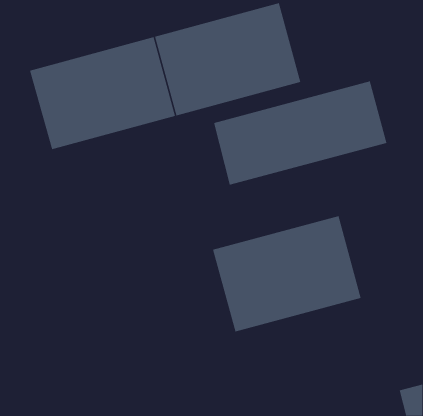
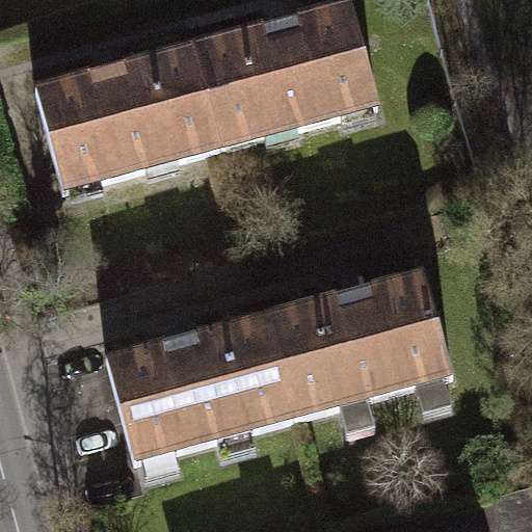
building: [214,81,387,186] -> none
building: none -> [106,313,294,460]

